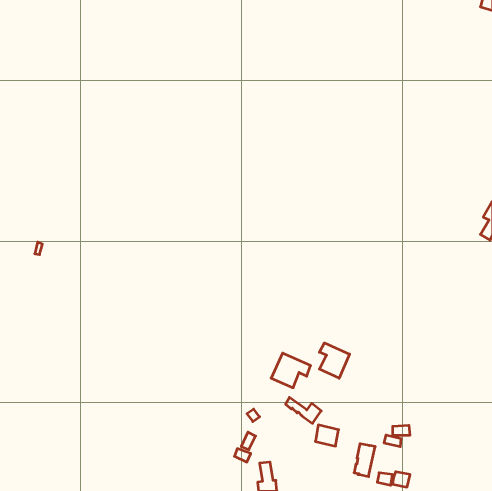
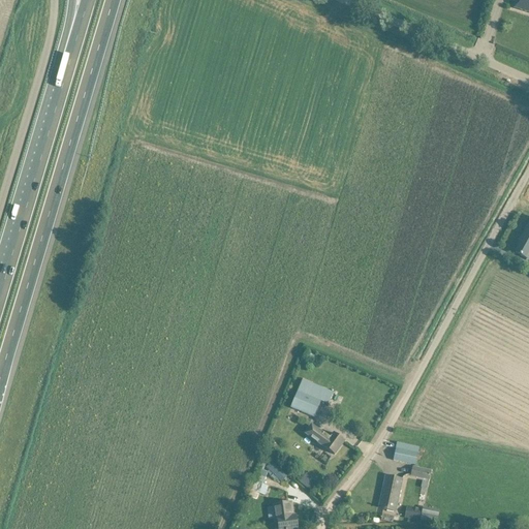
building: [319,343,350,378] -> none
building: [315,425,339,446] -> [395,441,419,464]

